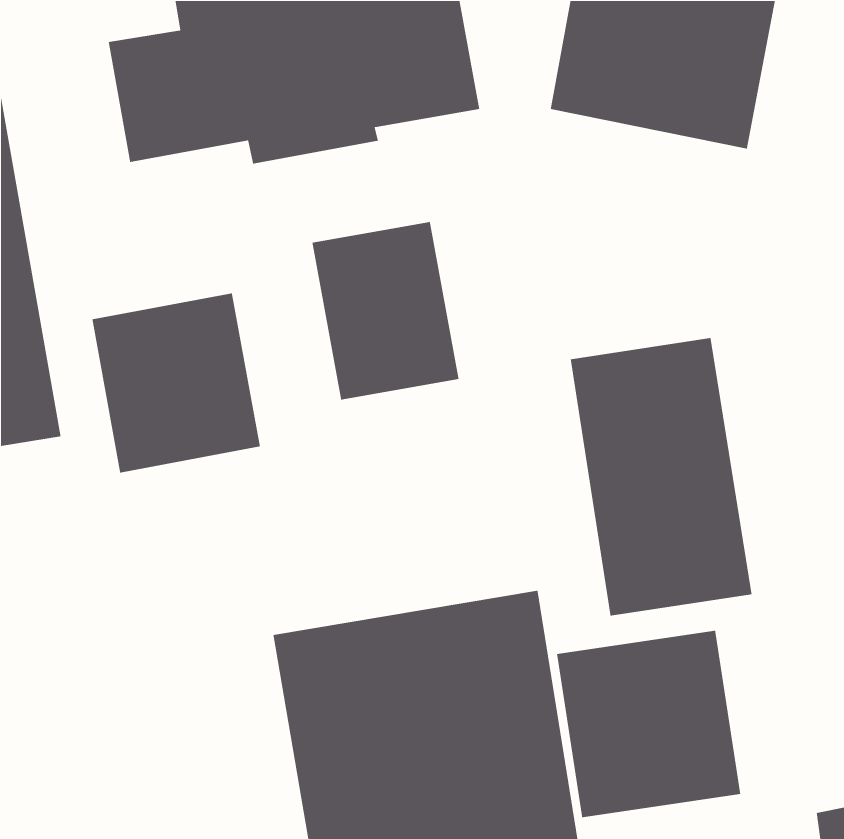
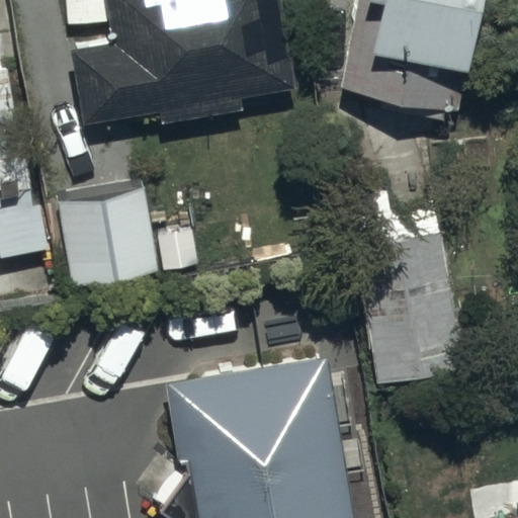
building: [312,221,459,401] -> none
building: [556,630,741,818] -> none

